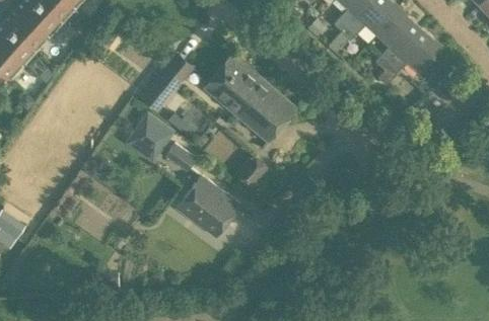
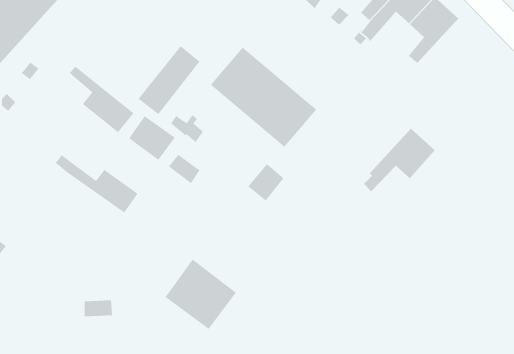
building: [377,28,440,84] -> [363,128,435,192]
building: none -> [69,66,135,133]
building: none -> [54,154,138,214]
building: [176,175,238,237] -> [165,259,237,330]

